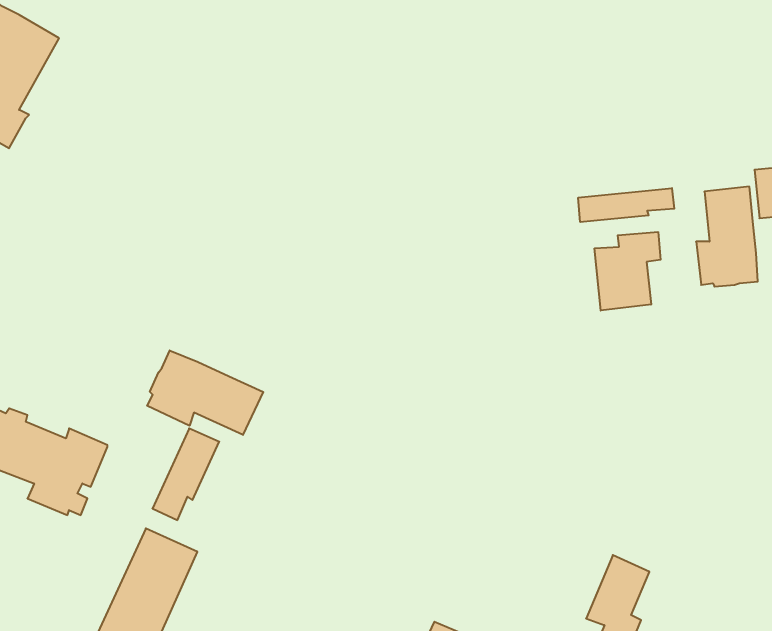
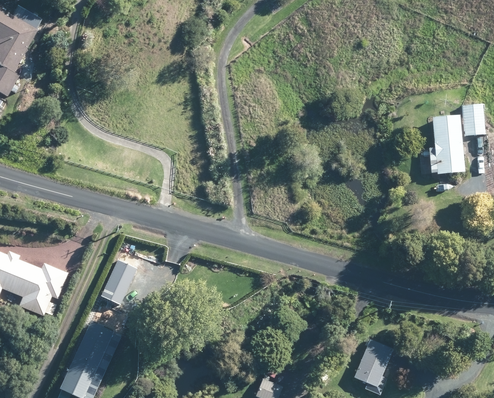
building: [578,188,674,222] -> none
building: [595,232,661,311] -> none
building: [147,350,263,435] -> none

